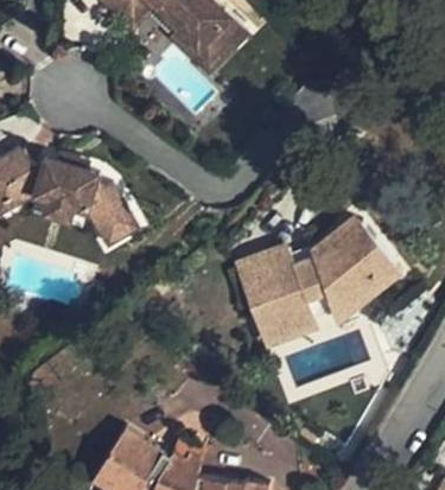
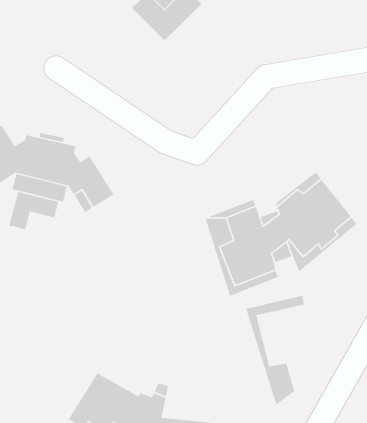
building: none -> [8,191,59,230]
building: none -> [245,295,305,406]

